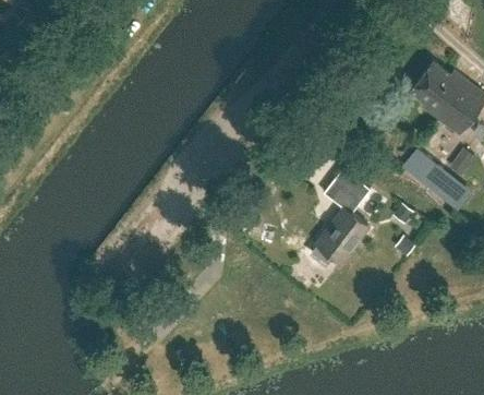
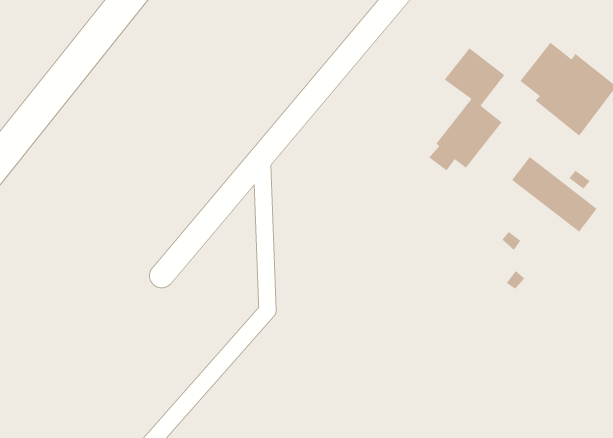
building: [311,168,371,265] -> [429,47,505,171]

